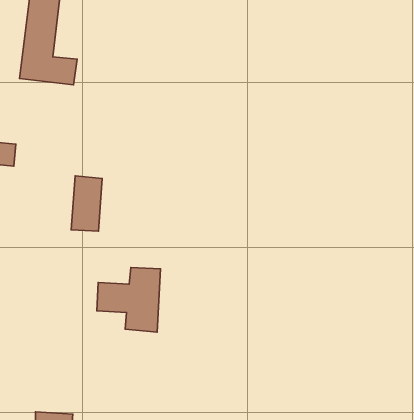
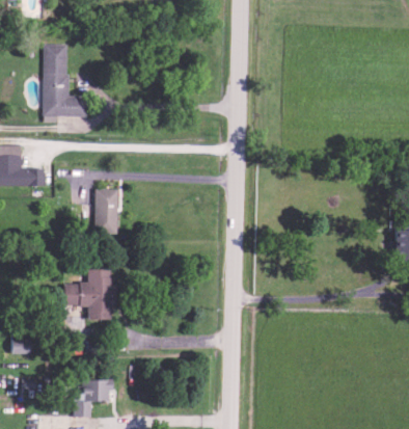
building: [97,267,161,332] -> [62,268,113,319]

